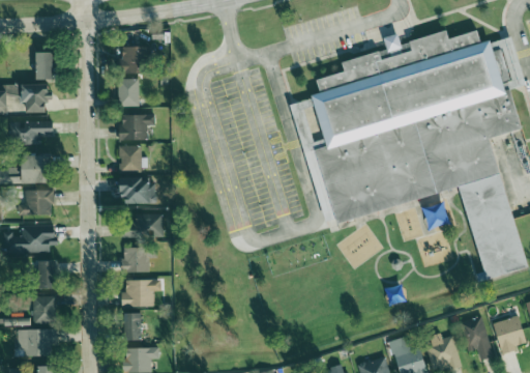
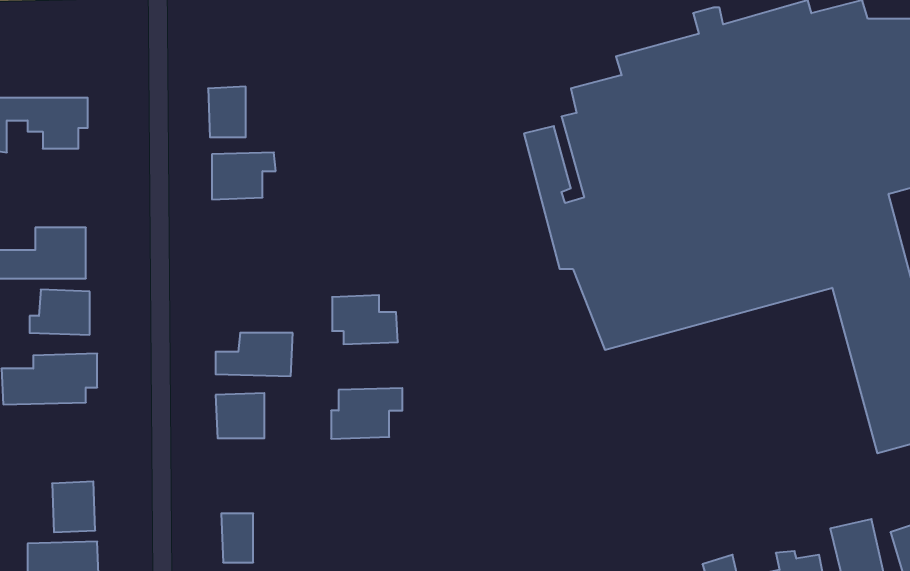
building: [121,46,147,73] -> none
building: [35,52,53,79] -> none
building: [23,121,52,144] -> none
building: [118,145,145,172] -> none
building: [120,176,156,203] -> [332,295,398,344]
building: [38,260,59,287] -> none
building: [121,279,160,307] -> [331,388,402,439]

